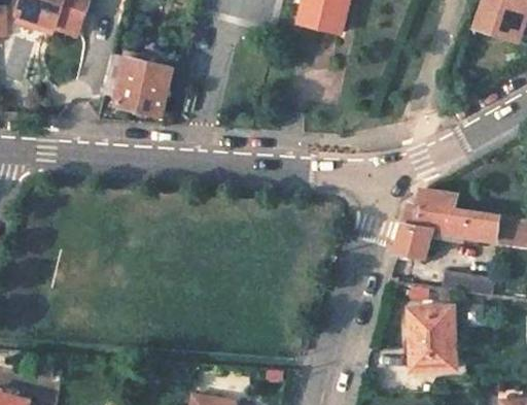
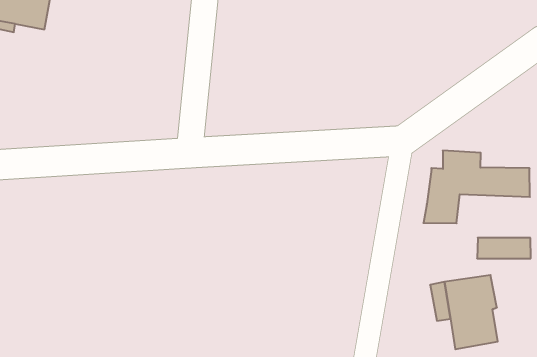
building: [104,55,173,113] -> none

